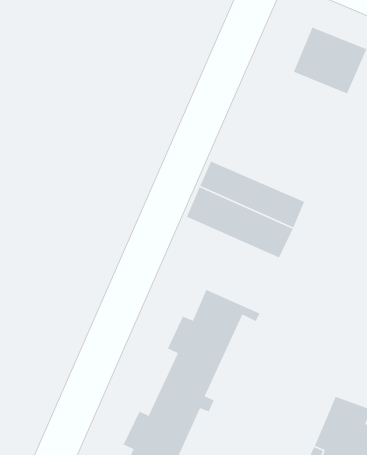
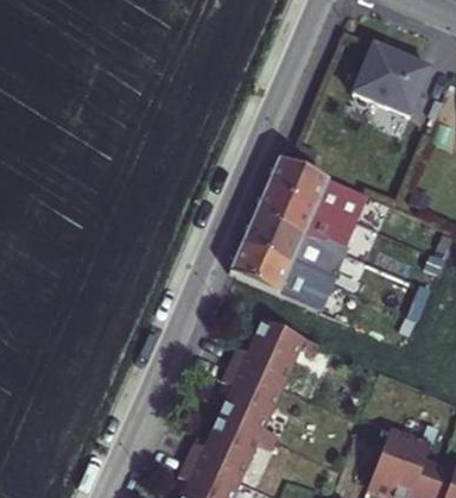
building: none -> [265,155,379,226]
building: none -> [227,242,338,315]

